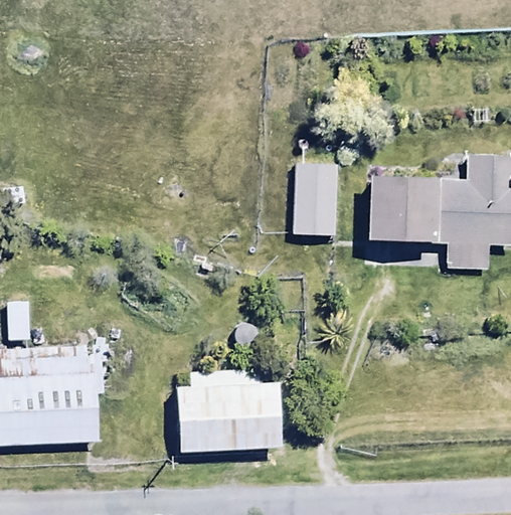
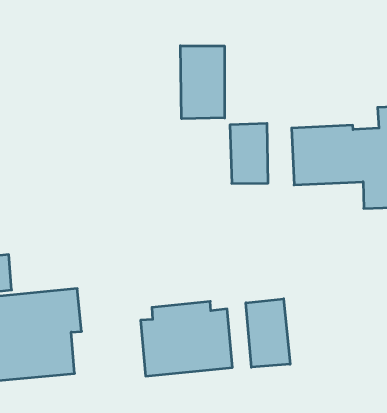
building: none -> [180,46,225,119]
building: none -> [246,299,290,367]

